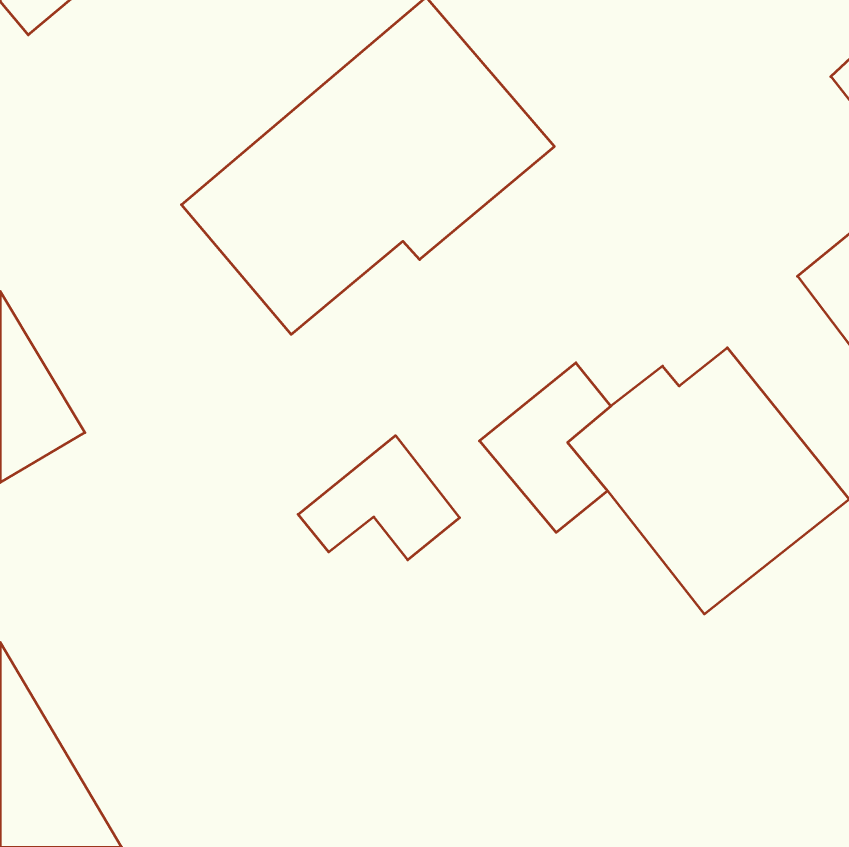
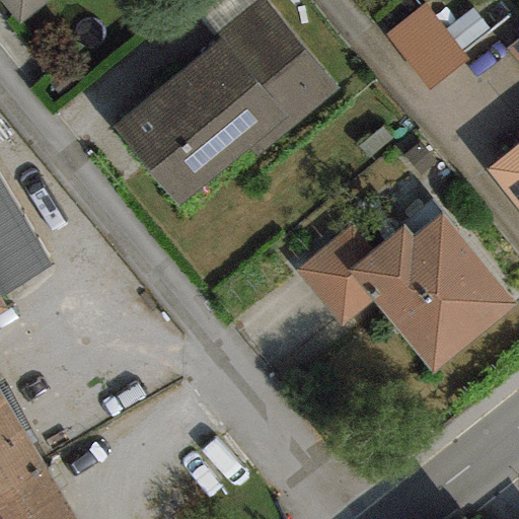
building: none -> [386,4,468,89]
building: [298,436,460,560] -> none

